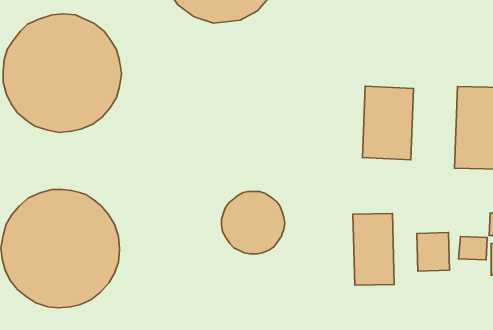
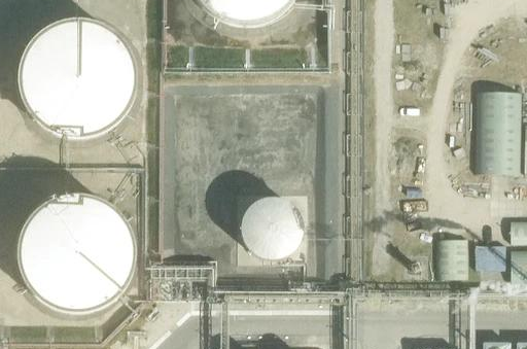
building: [363,86,414,160] -> none
building: [353,214,394,285] -> none

